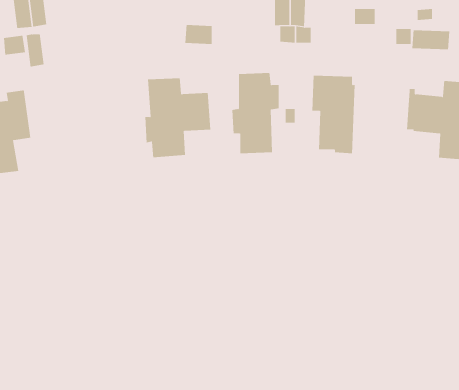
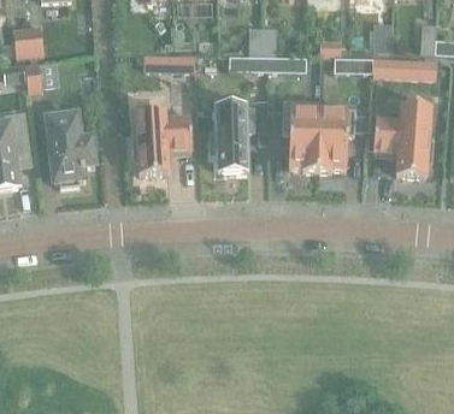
building: none -> [319,108,370,171]
building: none -> [47,114,94,187]

